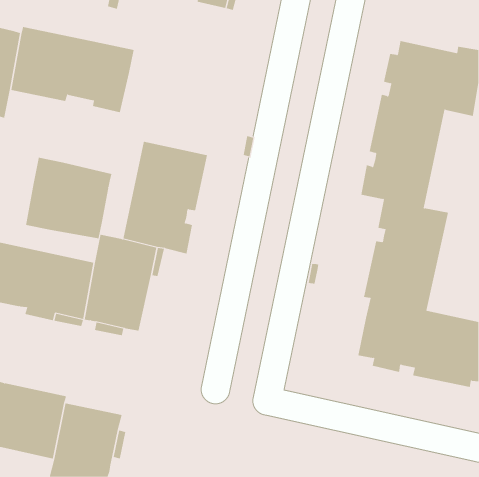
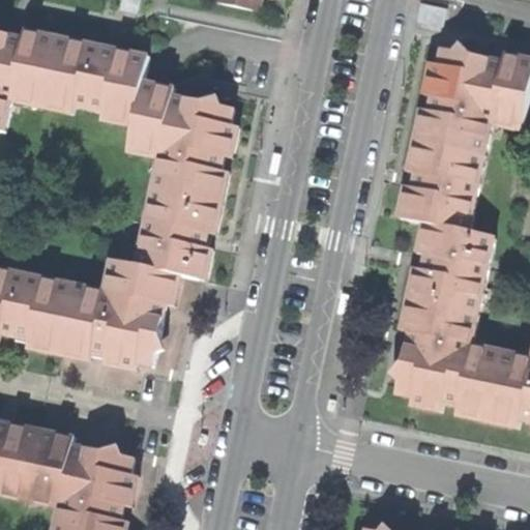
building: none -> [127,80,237,169]
building: [26,157,112,239] -> none

